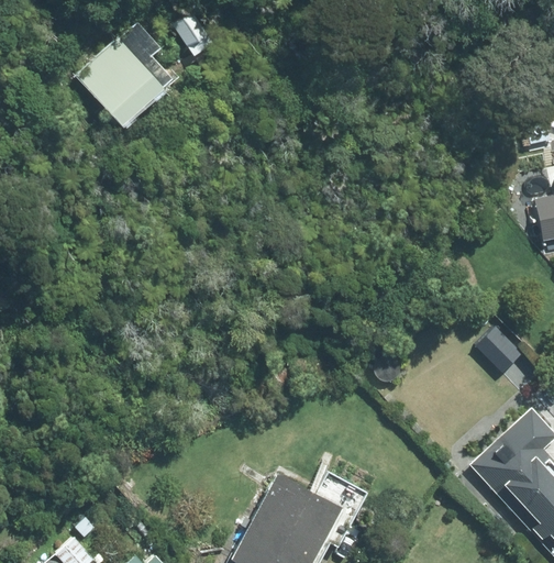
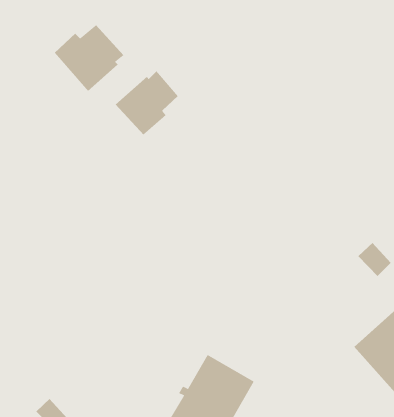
building: none -> [115,71,179,135]

